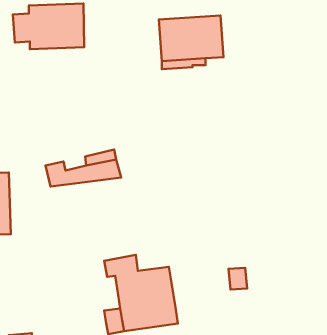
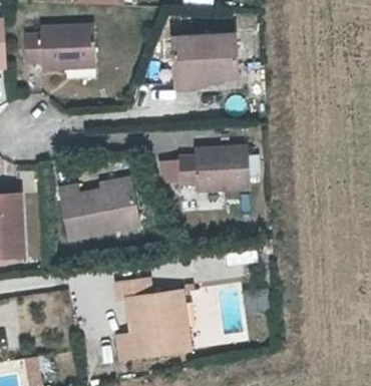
building: none -> [178,147,251,189]
building: none -> [62,200,138,236]

